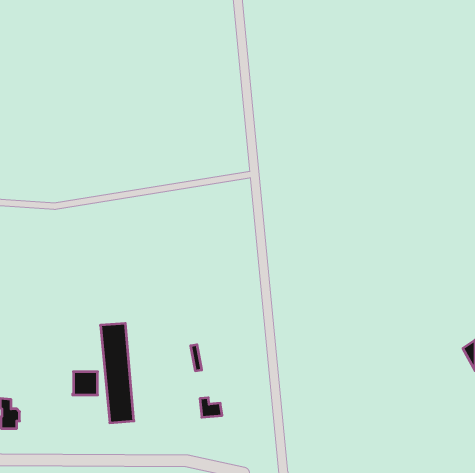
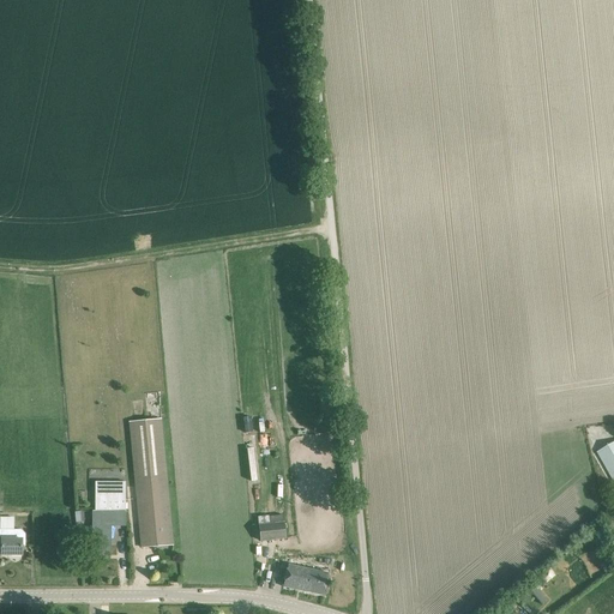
building: none -> [92,510,126,553]
building: none -> [283,562,329,594]

